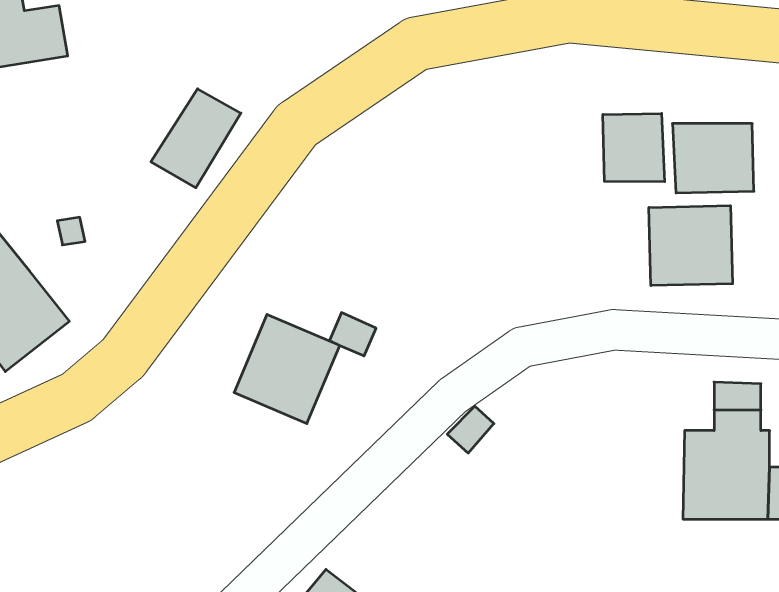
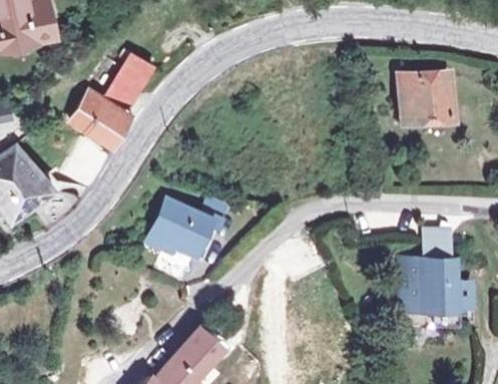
building: [603,113,665,182] -> none
building: none -> [65,95,124,147]
building: [649,206,733,286] -> none

